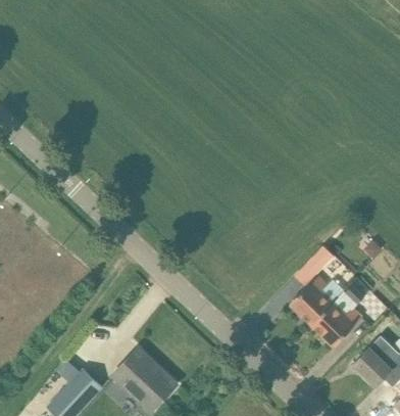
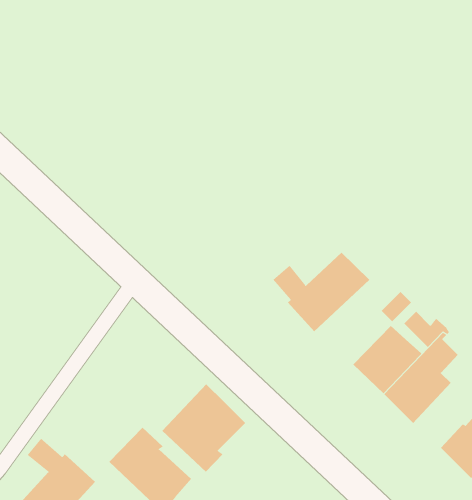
building: none -> [272,252,370,332]
building: none -> [161,383,250,473]

